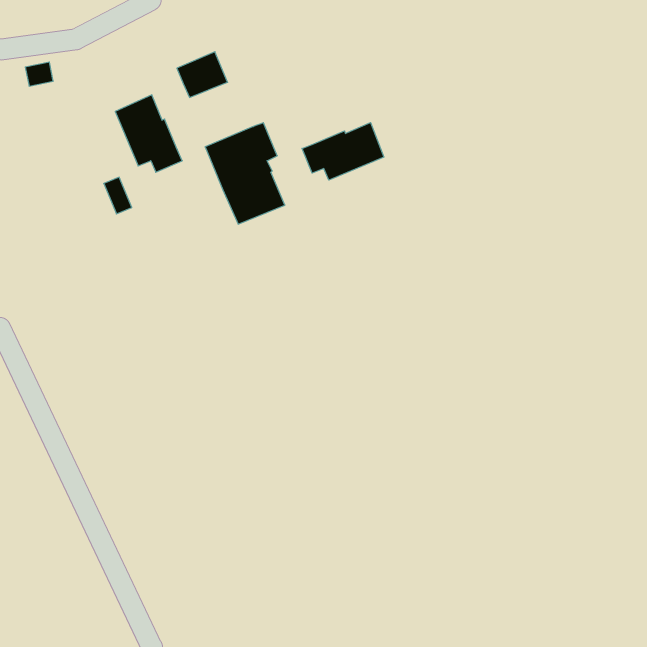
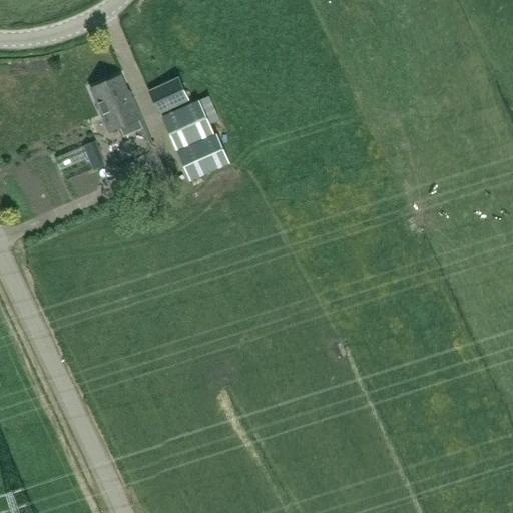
building: [177,52,228,97] -> [149,77,189,113]
building: [302,123,384,180] -> none

